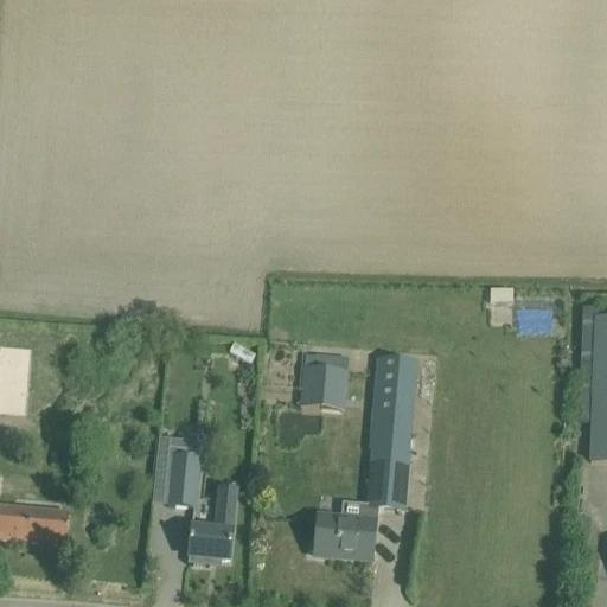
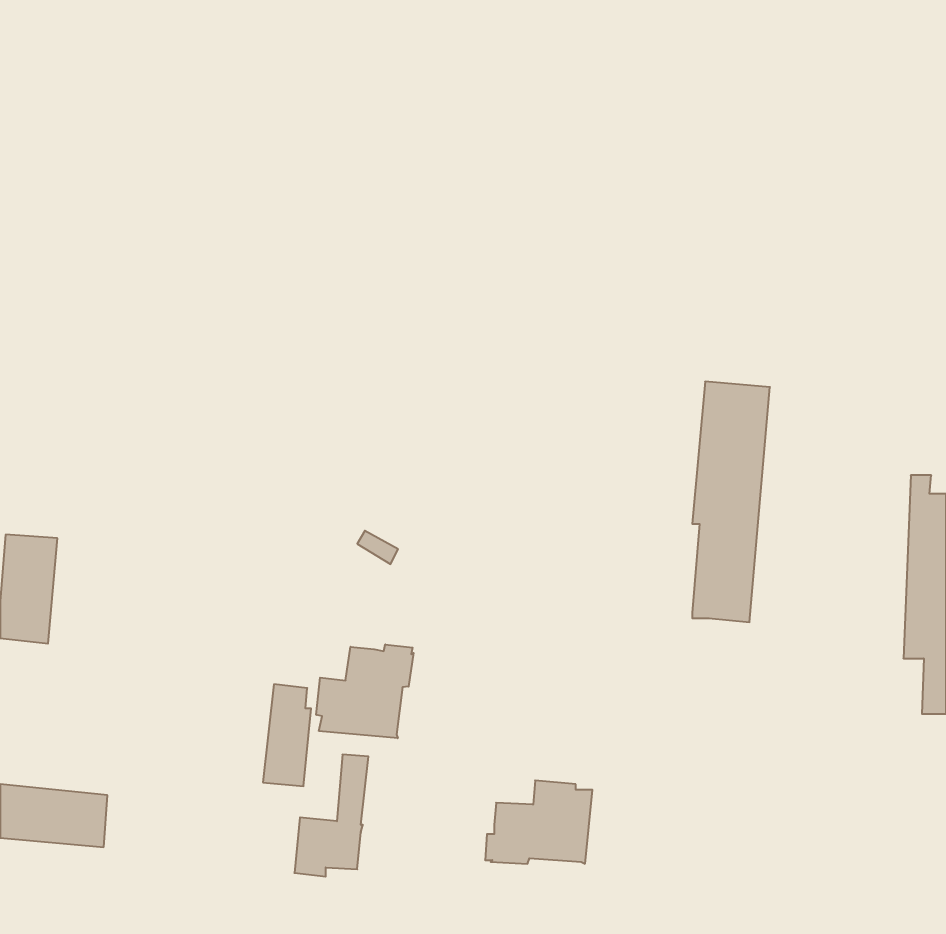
building: [369,354,418,509] -> [692,382,770,622]
building: [300,365,346,404] -> none
building: none -> [316,644,414,738]

